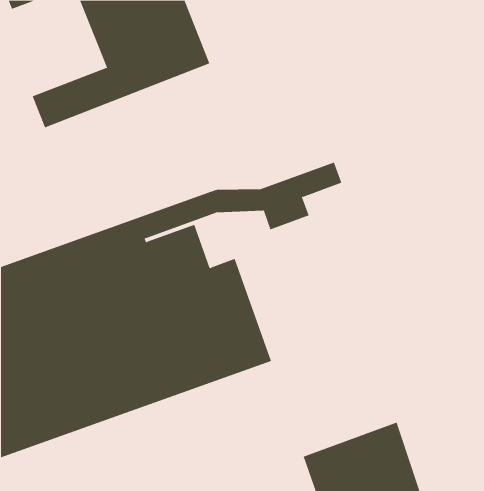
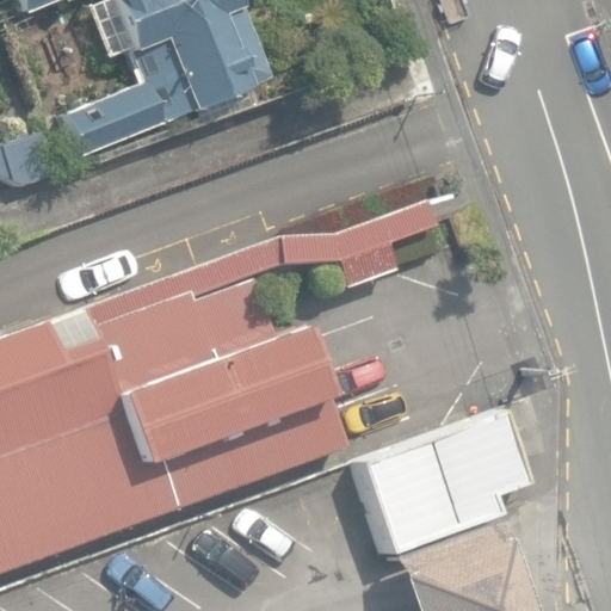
building: none -> [358,412,524,555]

